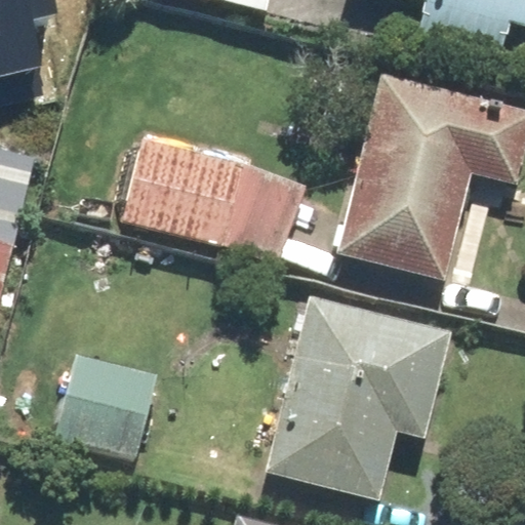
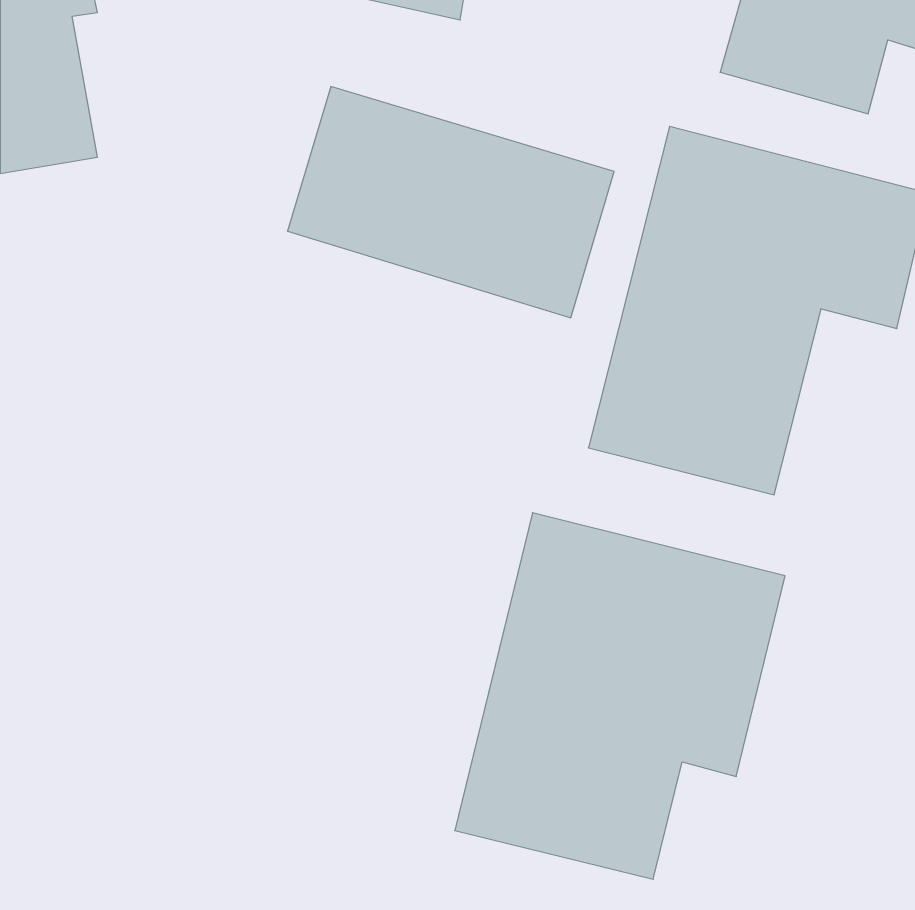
building: [119,134,305,266] -> [287,87,614,318]
building: [54,353,159,457] -> none

